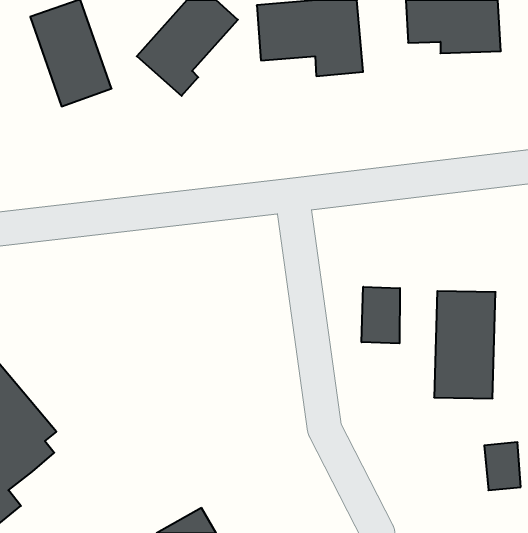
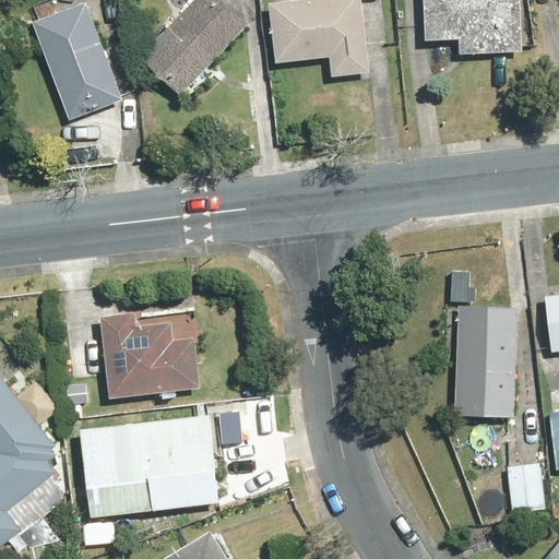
building: [362,287,400,343] -> none
building: none -> [100,314,197,400]
building: none -> [76,408,213,509]

